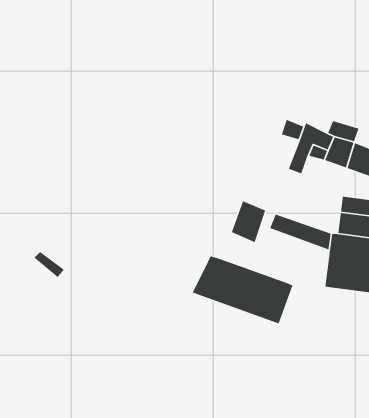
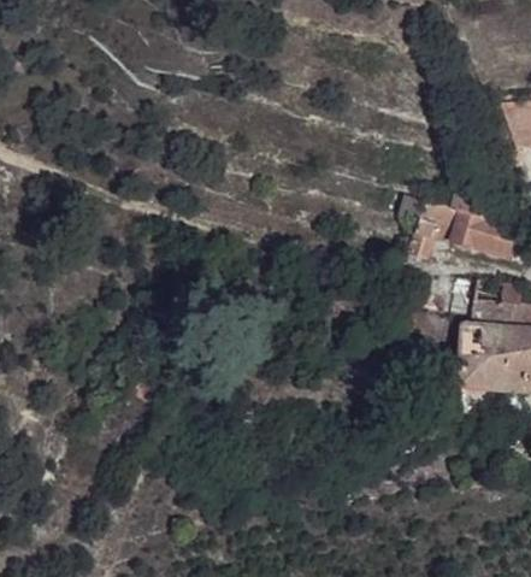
building: [231,200,266,243] -> none
building: [192,255,294,324] -> none

